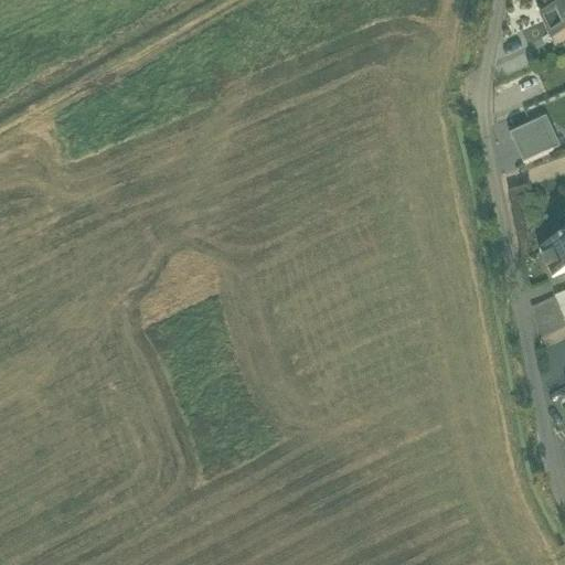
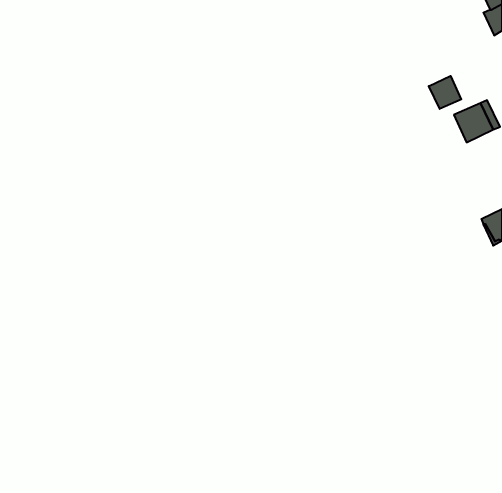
building: none -> [429,76,461,109]

